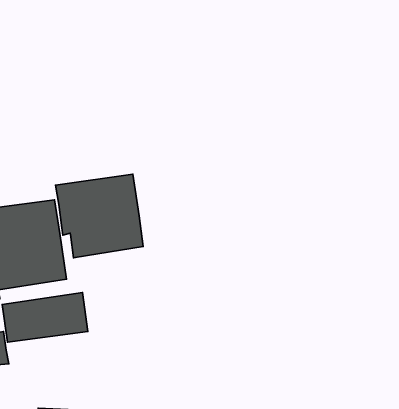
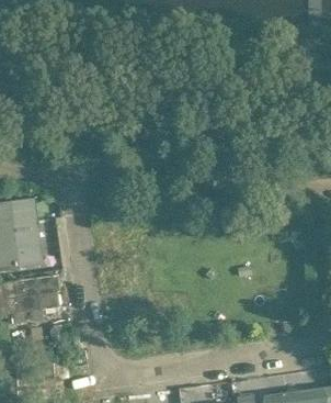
building: [55,174,143,258] -> none

